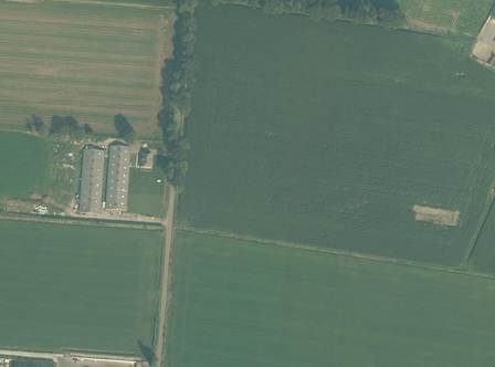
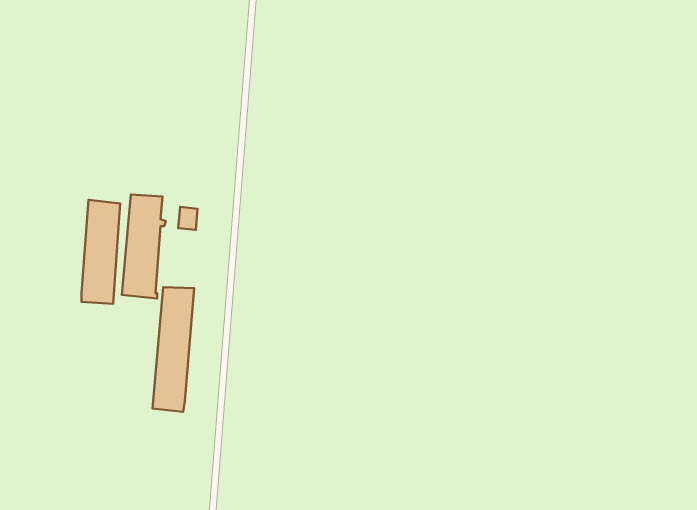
building: none -> [153,287,194,412]

